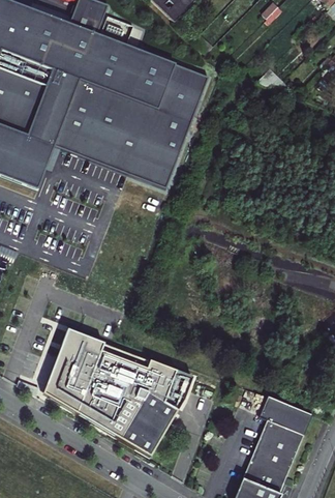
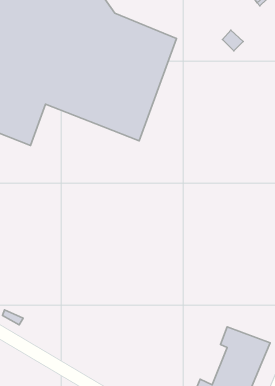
building: [42,329,191,455] -> none

